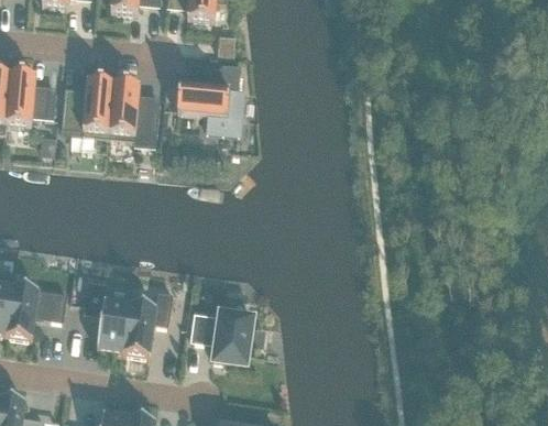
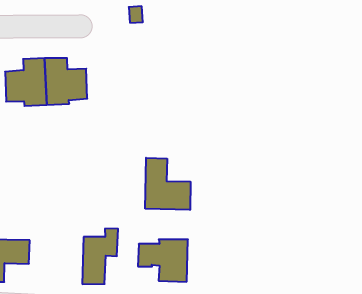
building: [177,63,229,113] -> none
building: none -> [145,158,190,210]
building: [83,280,131,351] -> none

